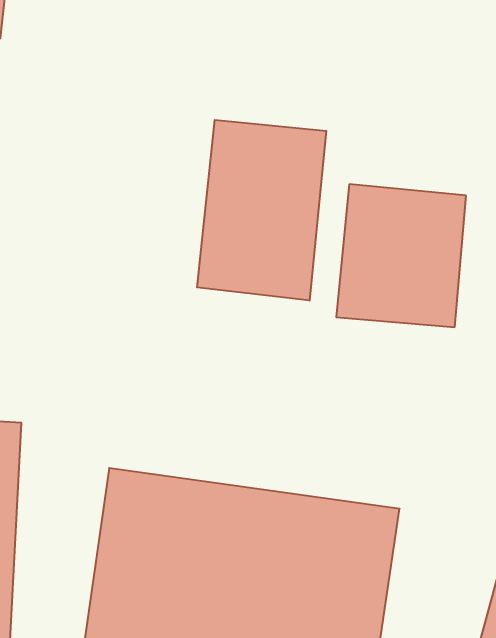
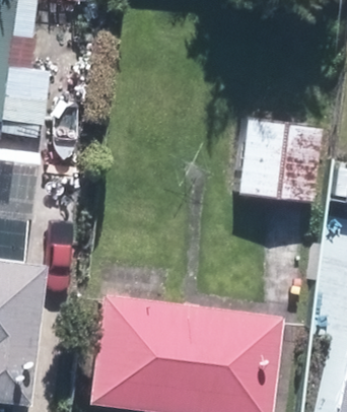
building: [197,120,326,301] -> none

